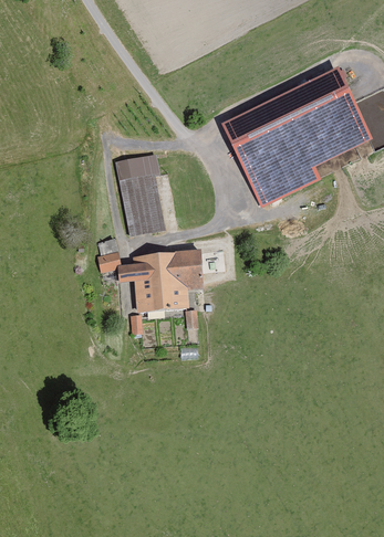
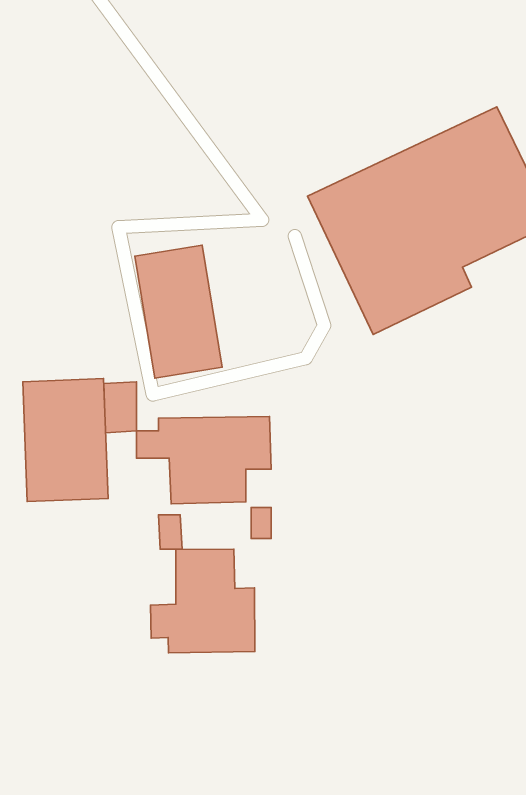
building: none -> [23,379,108,502]
building: none -> [150,549,255,653]

